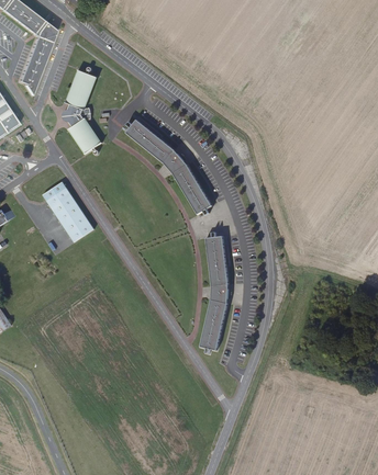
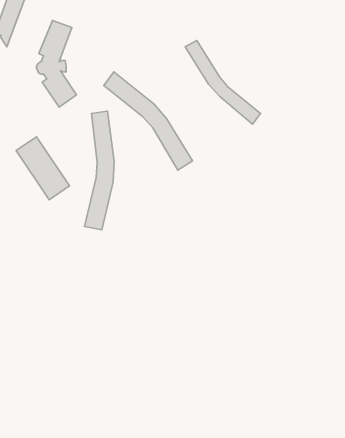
building: none -> [185,41,261,124]
building: [201,237,230,351] -> [85,111,114,230]

